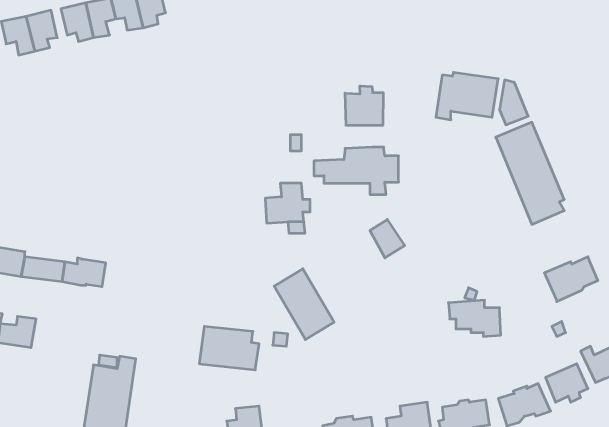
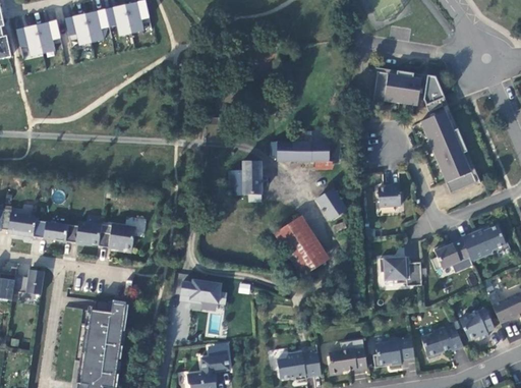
building: [345,86,383,125] -> none
building: none -> [381,183,403,207]
building: none -> [99,224,135,250]
building: [274,269,334,340] -> [274,222,323,280]
building: none -> [430,236,469,268]

